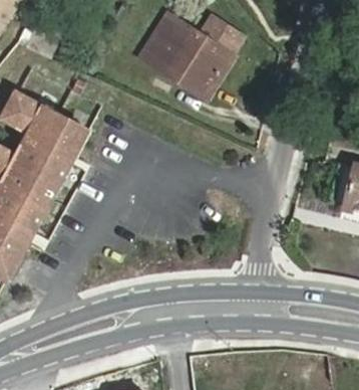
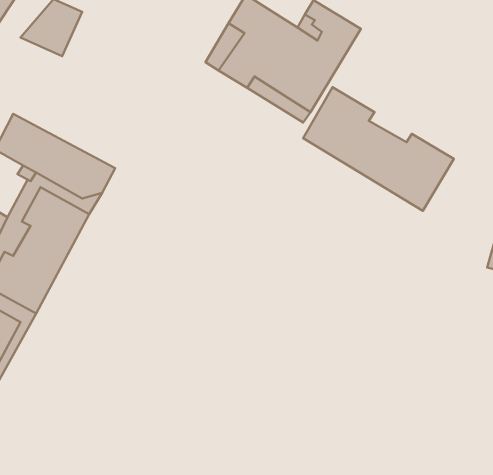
building: none -> [303,87,454,211]

